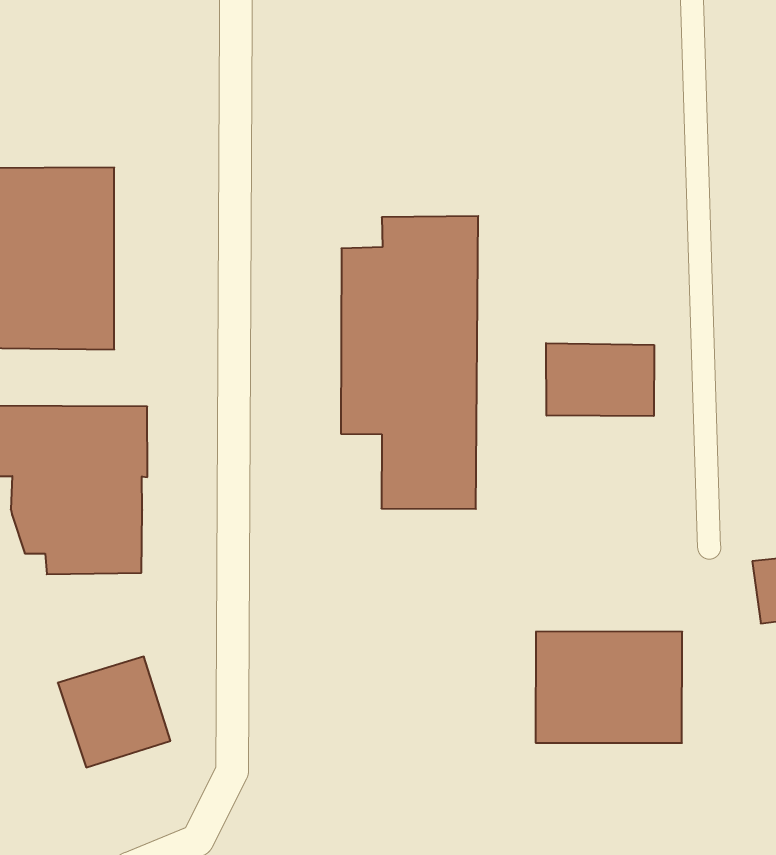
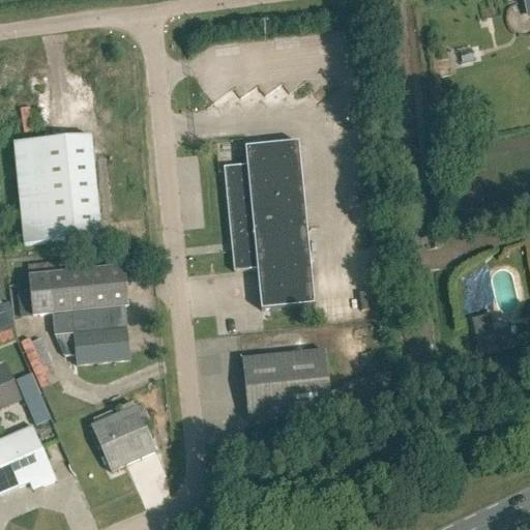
building: [546,343,654,416] -> none
building: [536,632,682,743] -> [242,347,330,417]

